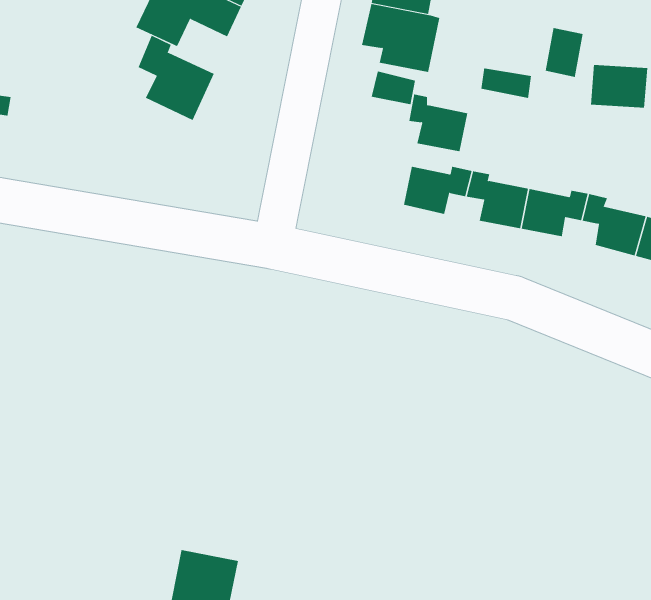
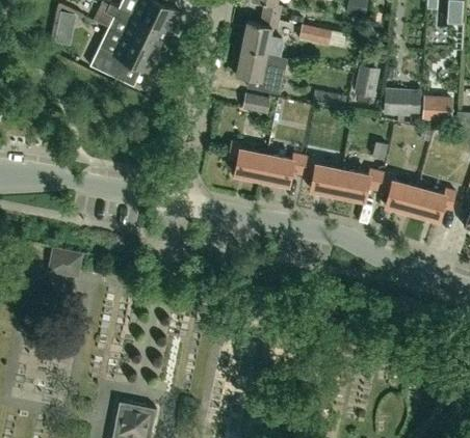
building: [138,35,215,121] -> none
building: [409,94,468,152] -> [229,141,267,179]
building: none -> [51,249,81,274]

